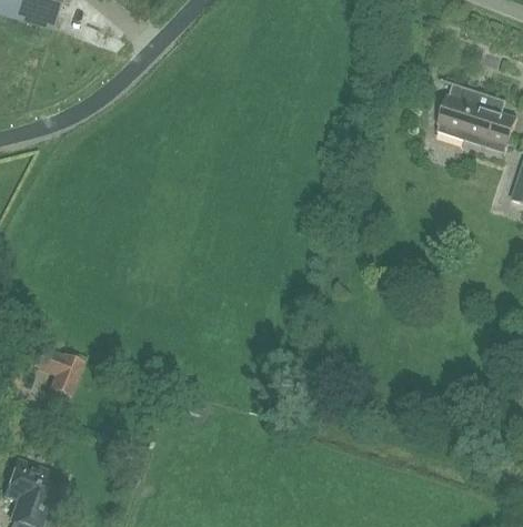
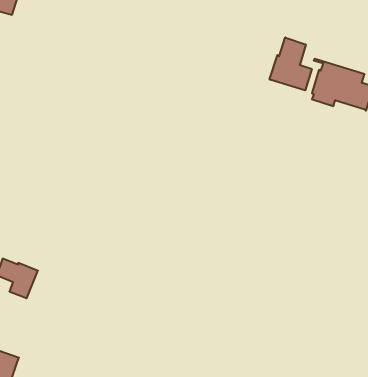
building: none -> [270,37,312,90]

